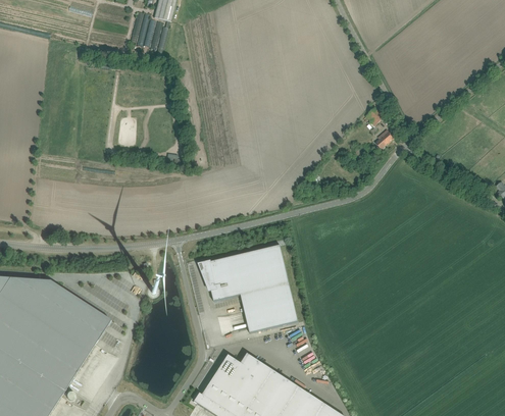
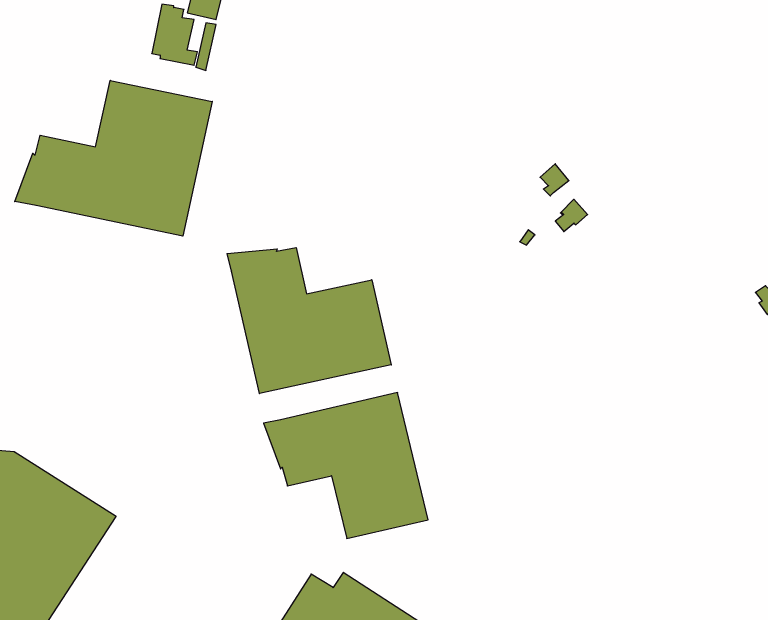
building: none -> [15,80,212,236]
building: none -> [227,248,391,394]

